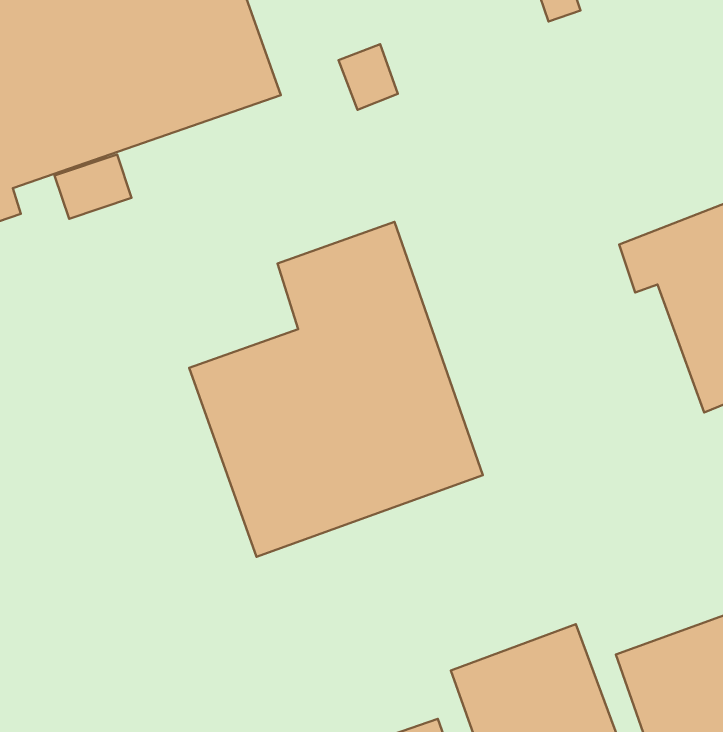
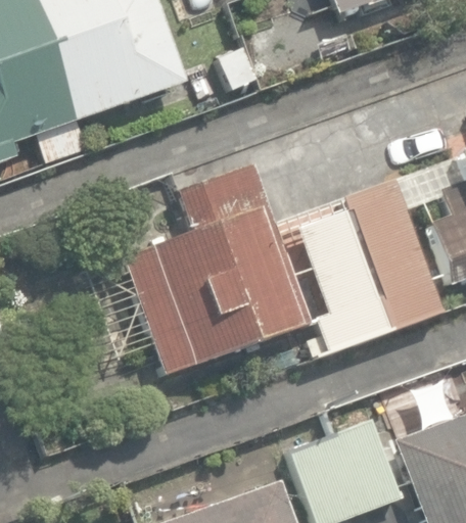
building: none -> [298,181,440,352]

